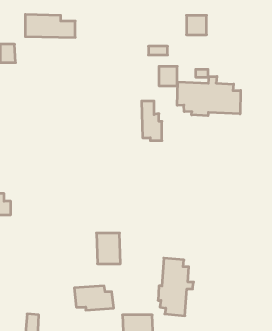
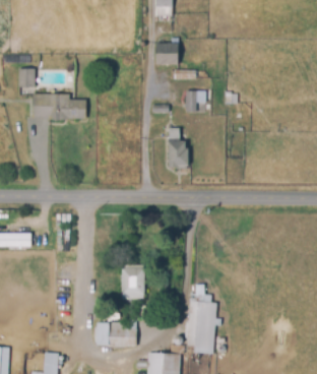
building: [25,14,75,37] -> [33,94,85,118]
building: [186,15,207,35] -> [156,44,178,64]
building: [177,76,241,116] -> none

